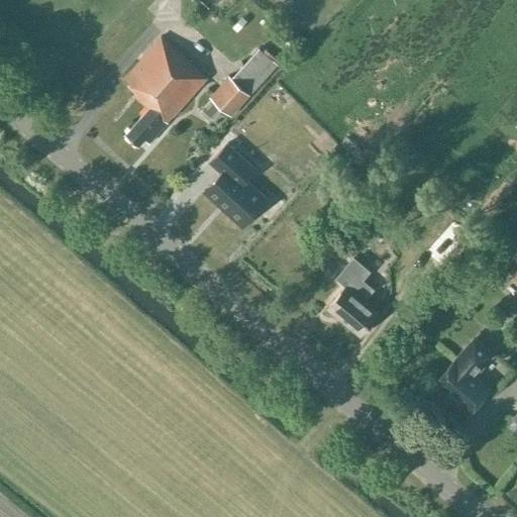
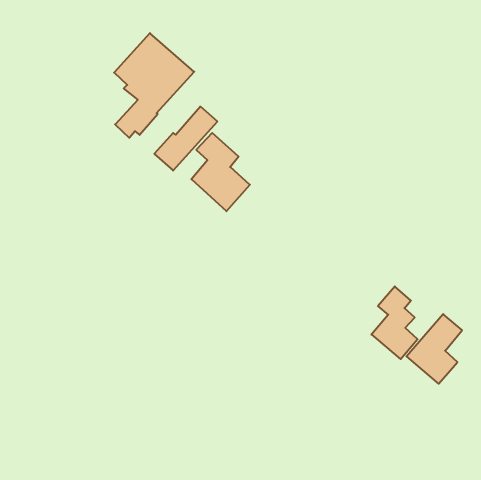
building: [210,49,278,118] -> [154,107,217,171]
building: [329,257,379,335] -> [371,286,418,359]

